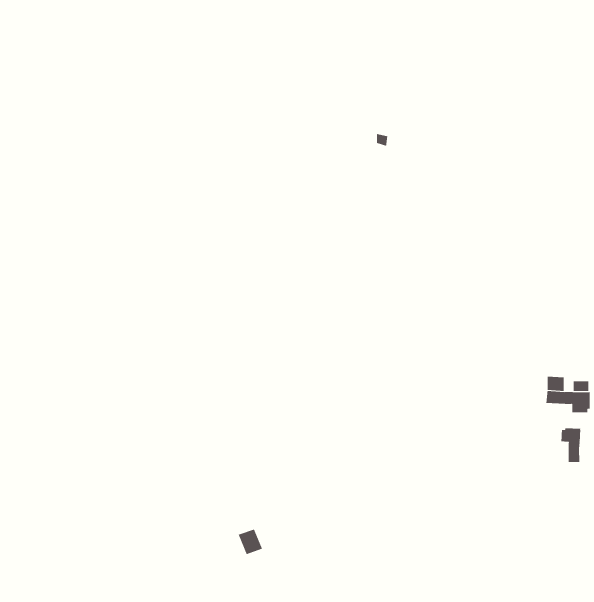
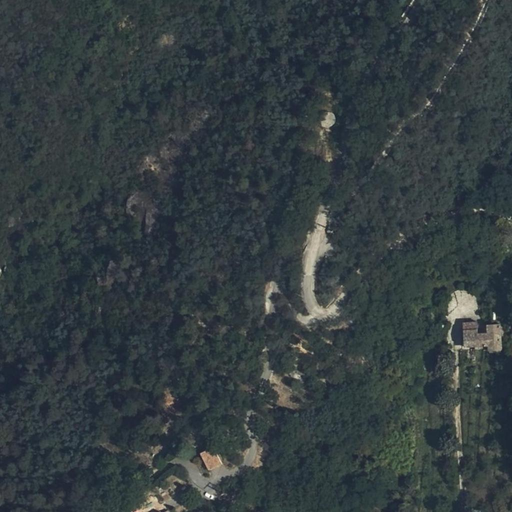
building: [561,427,581,463] -> none

